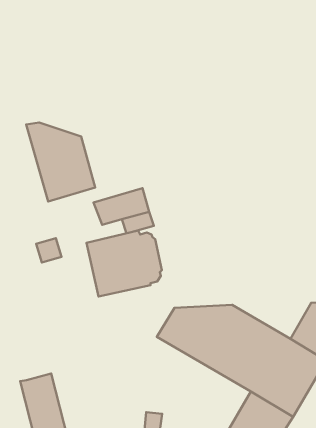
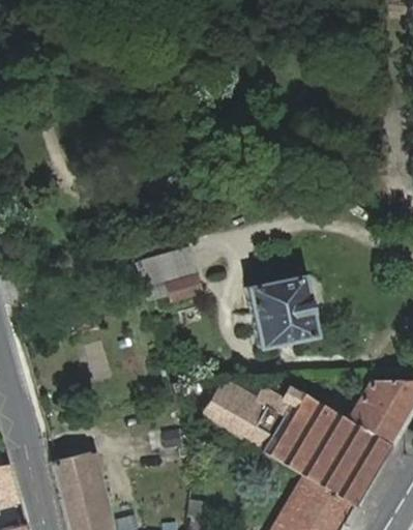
building: [26,122,95,201] -> none
building: [86,231,162,296] -> [247,277,330,350]

